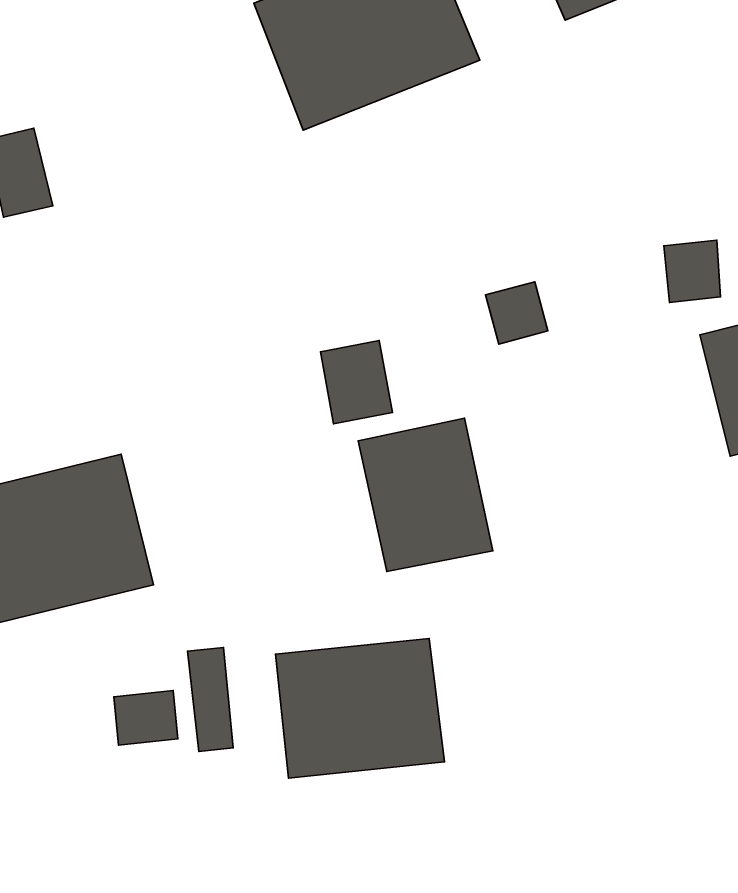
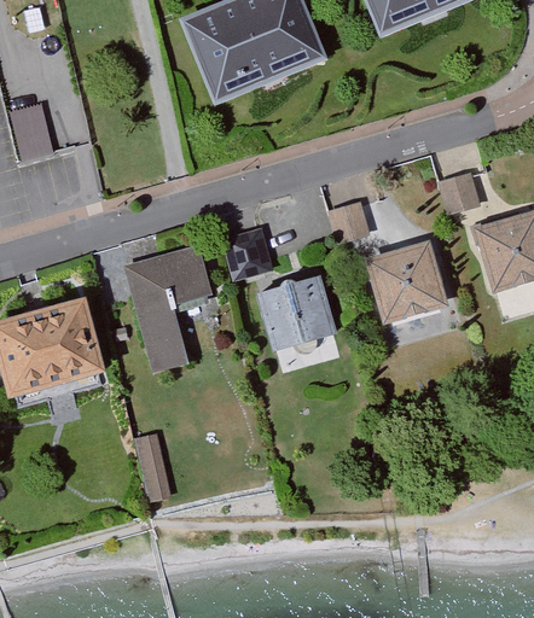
building: none -> [126,245,216,371]
building: none -> [356,245,445,337]
building: [276,638,444,778] -> none
building: [114,691,178,745] -> none

